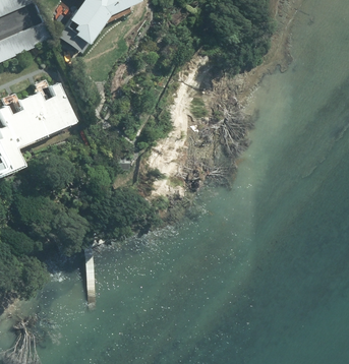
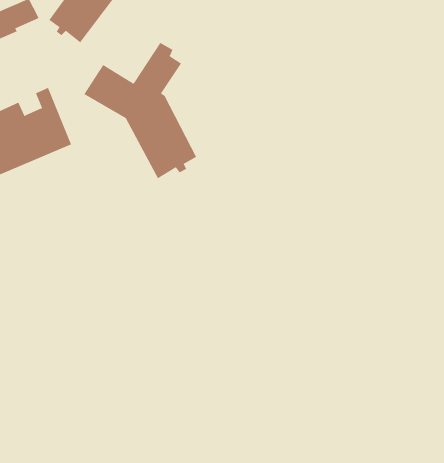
building: none -> [84,42,197,179]

